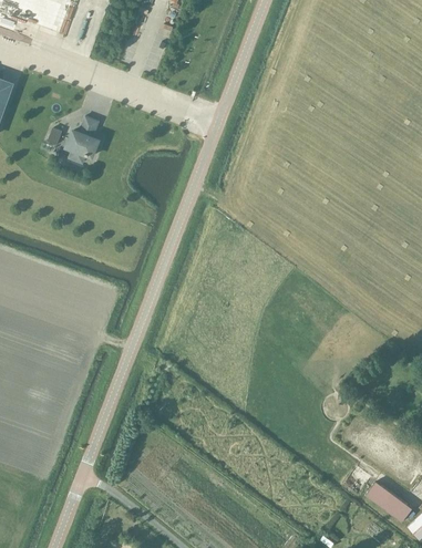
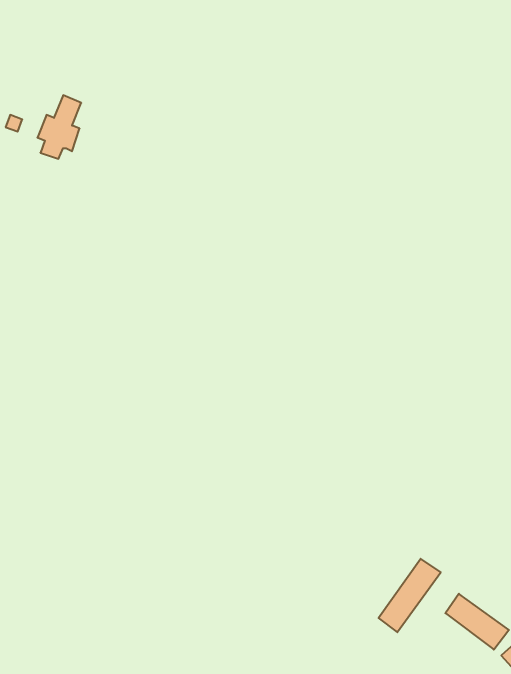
building: none -> [379,559,441,632]

